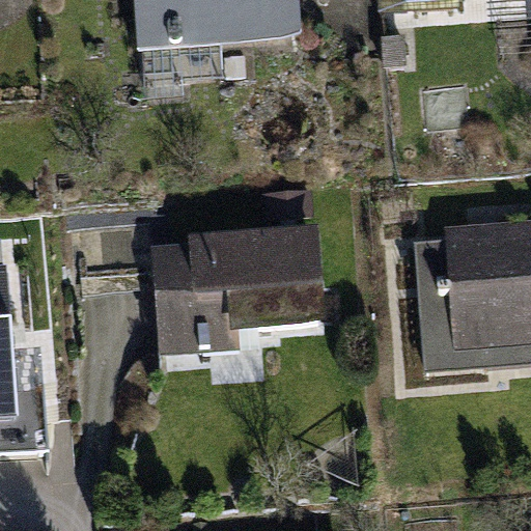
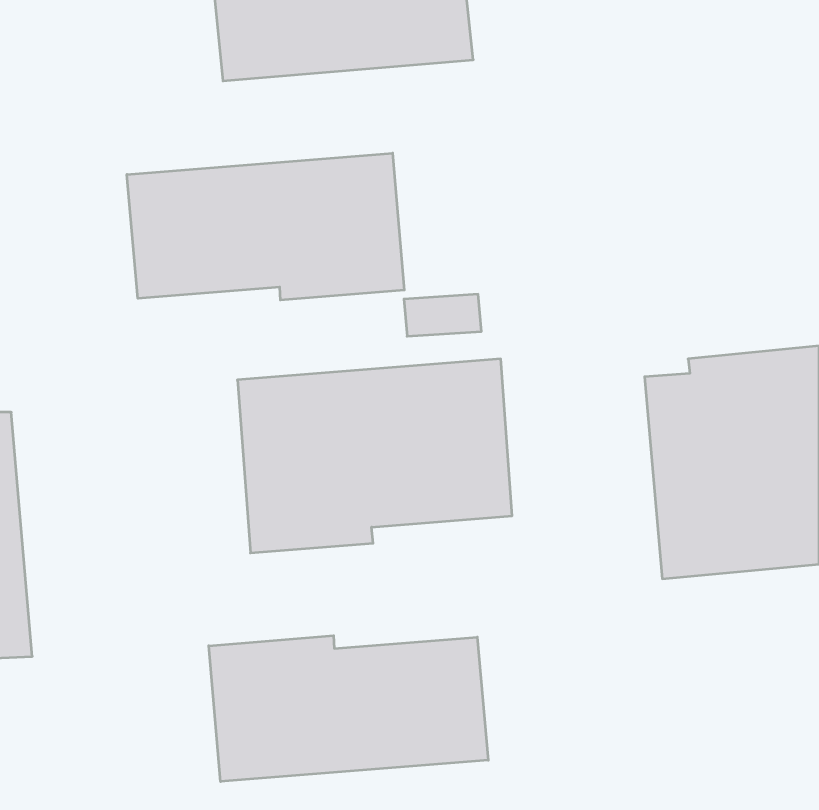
building: none -> [127,153,404,300]
building: none -> [209,636,488,782]

